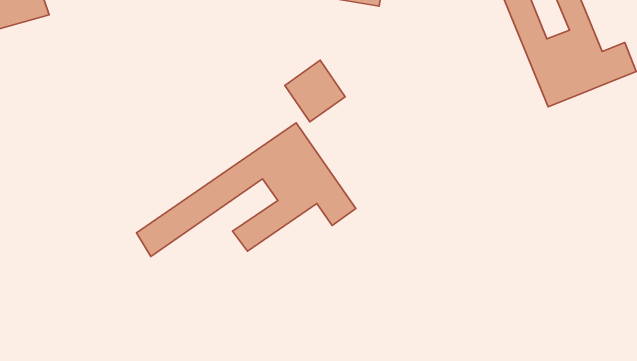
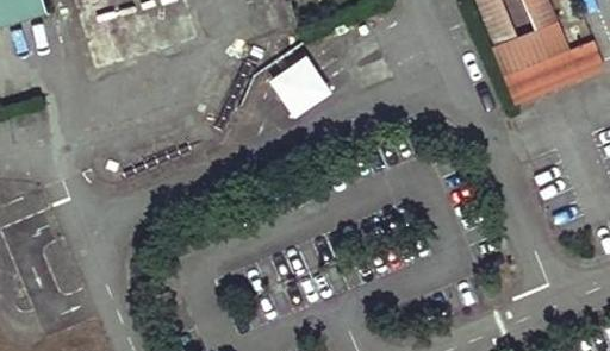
building: [137,123,356,257] -> none

